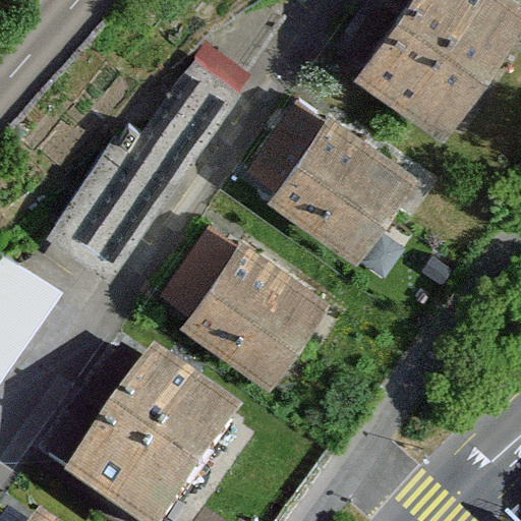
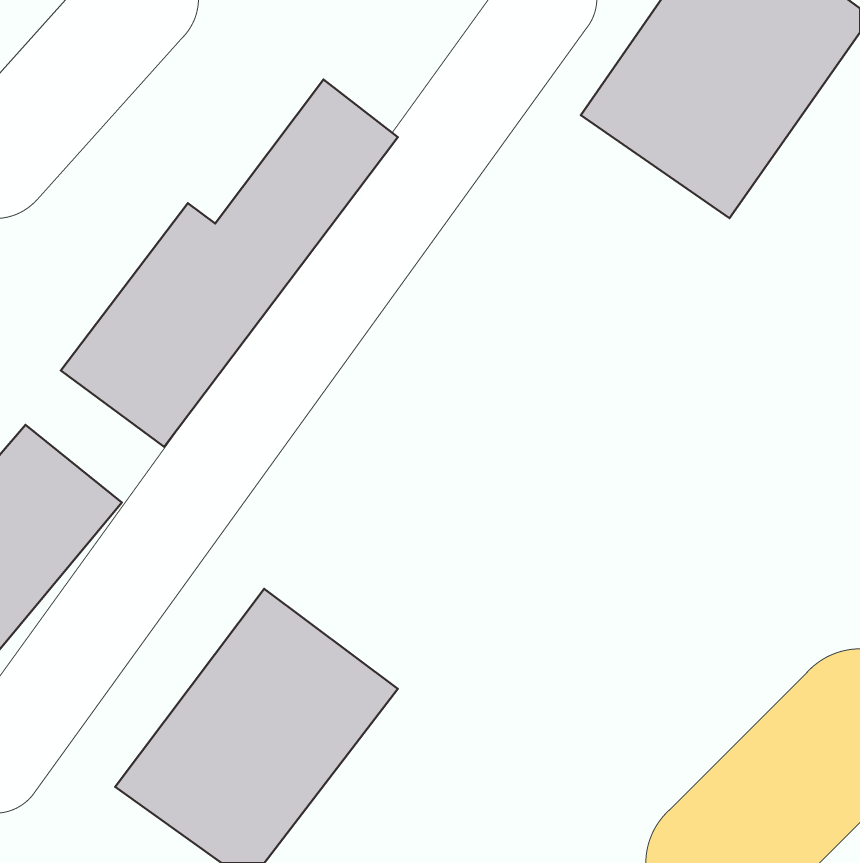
building: [264,113,416,259] -> none
building: [174,237,322,383] -> none

